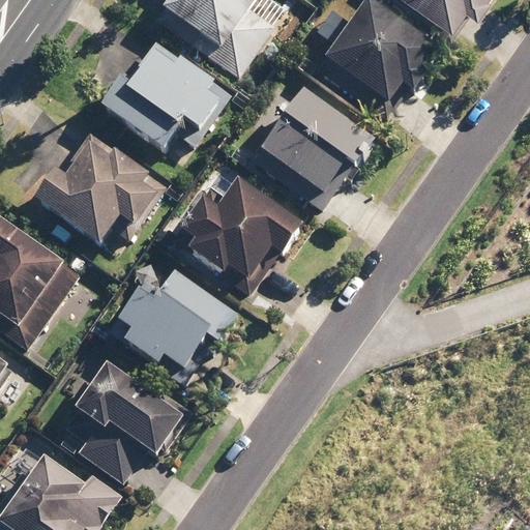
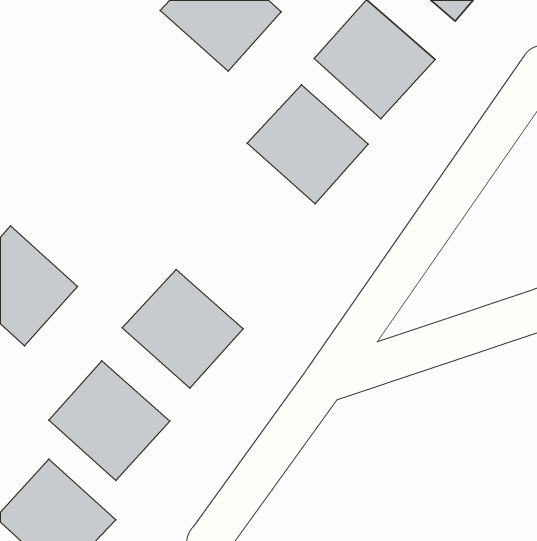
building: [105,42,223,158] -> none
building: [42,129,160,246] -> none
building: [175,178,293,294] -> none

